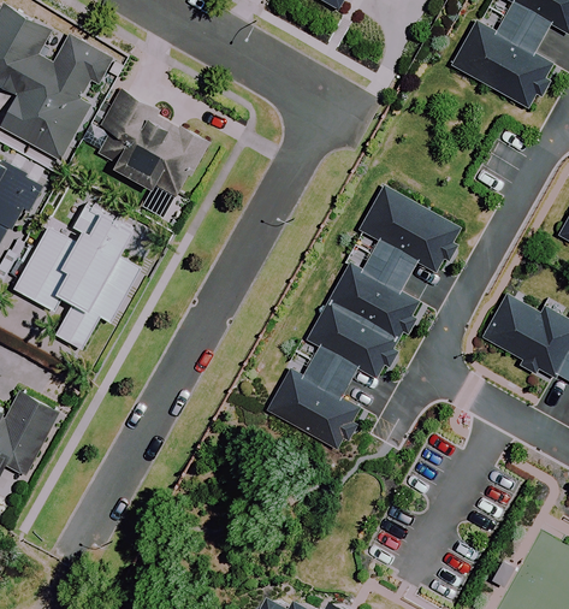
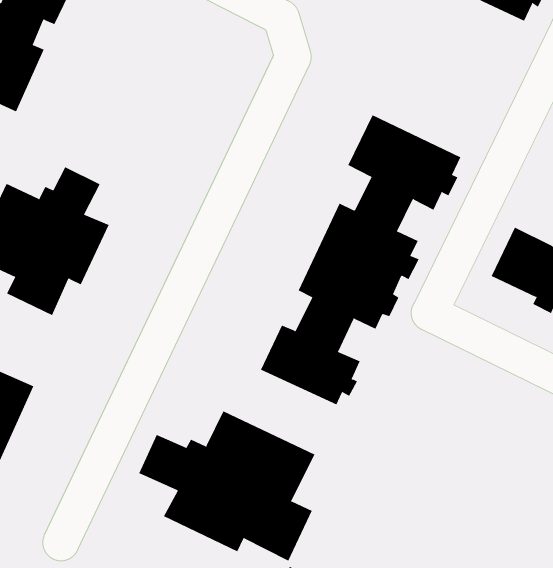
building: [99,91,209,197] -> none
building: none -> [139,410,315,561]

